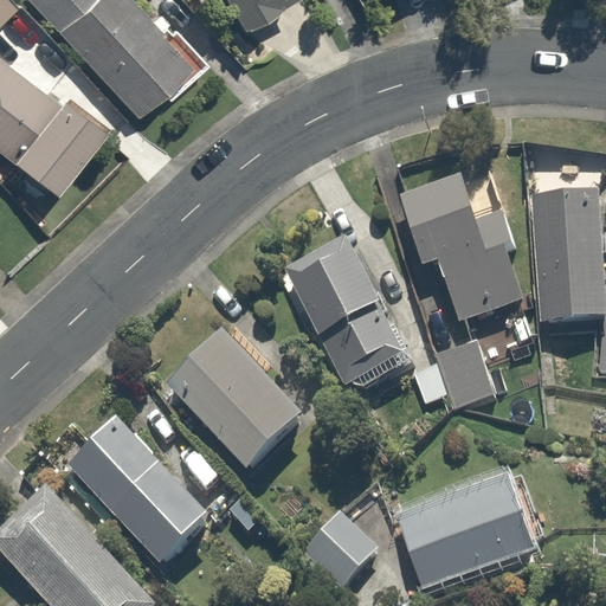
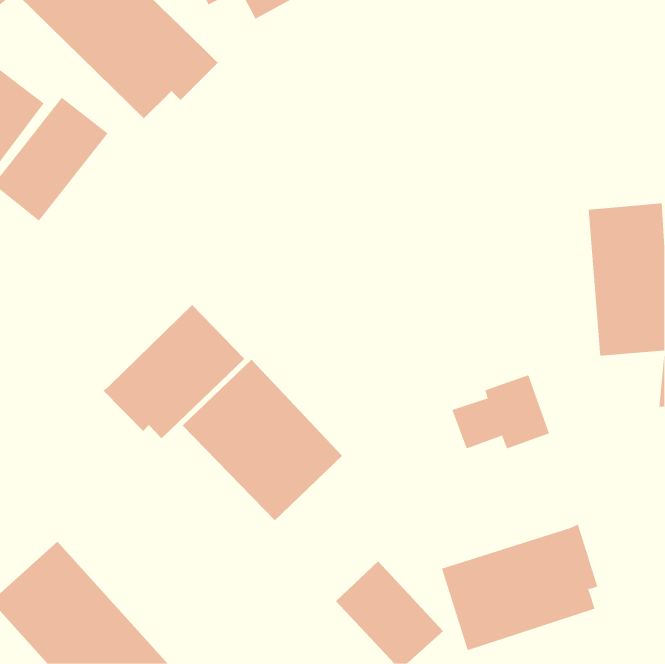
building: [400,172,520,324] -> none
building: [282,241,405,387] -> none
building: none -> [103,304,245,439]
building: [67,415,218,567] -> none

